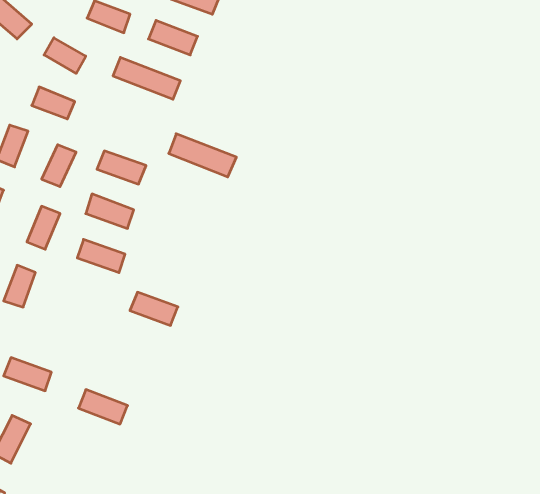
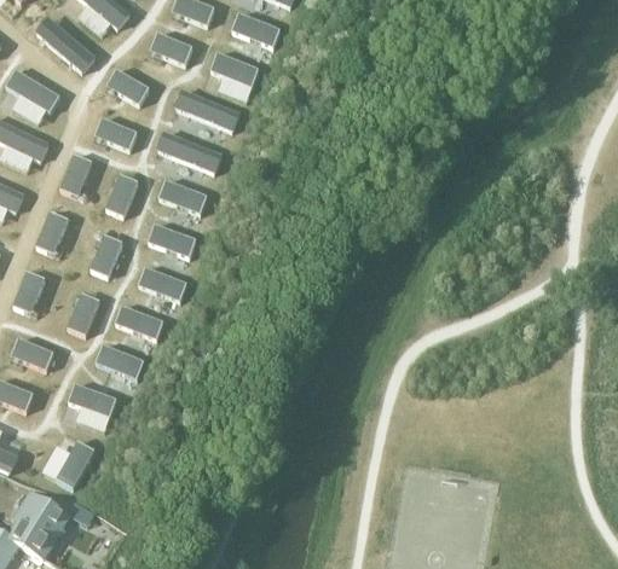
building: [169,134,236,177] -> [156,132,223,174]
building: [130,292,178,325] -> [115,306,162,338]
building: [78,390,128,424] -> [96,346,144,379]

